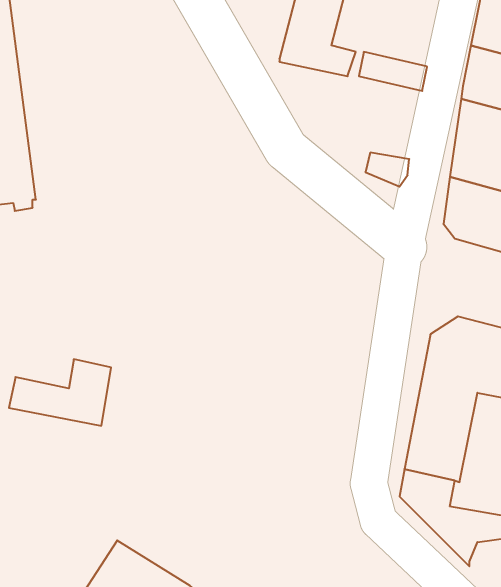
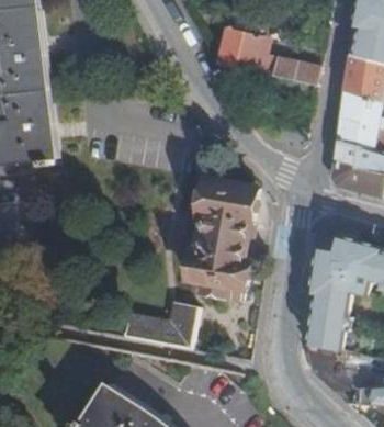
building: none -> [187,180,256,301]
building: [9,359,111,426] -> [126,303,195,348]

